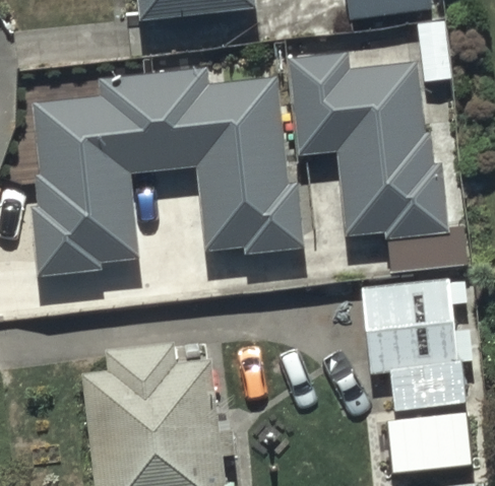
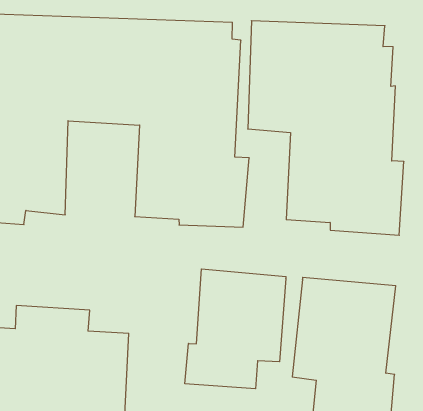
building: none -> [185,269,286,389]

